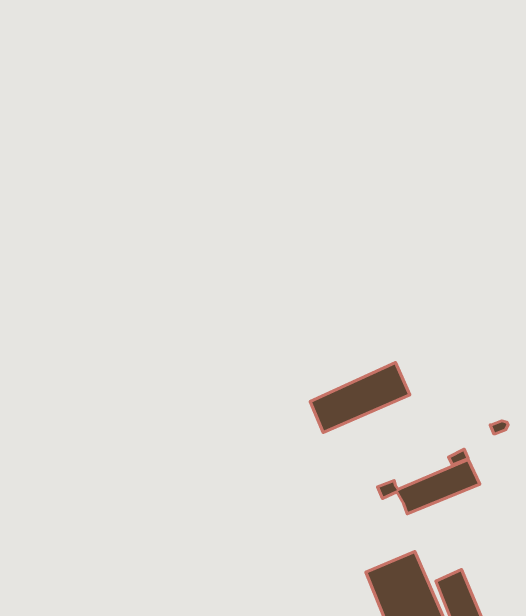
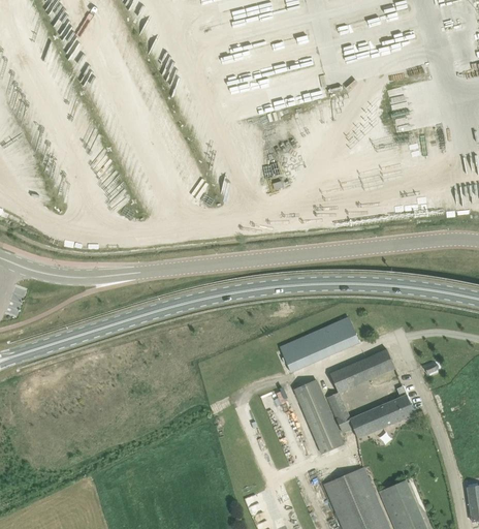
building: none -> [328,349,394,394]
building: none -> [292,379,344,454]

